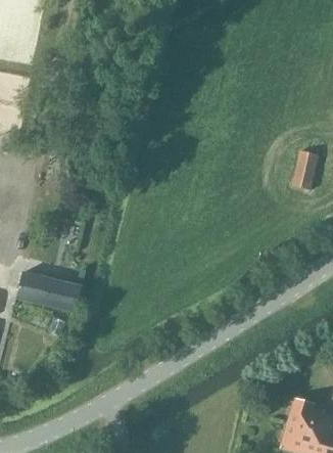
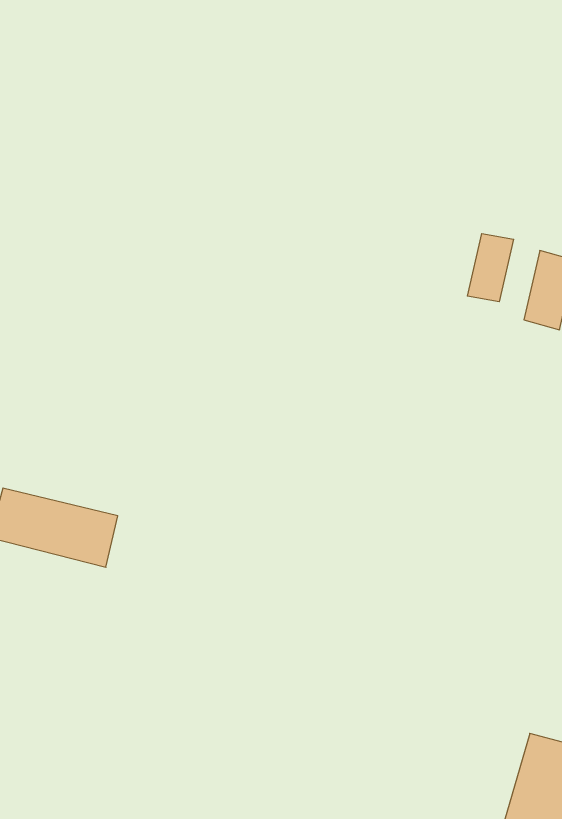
building: none -> [467,234,514,302]

